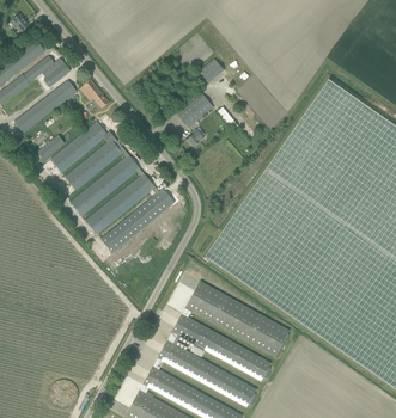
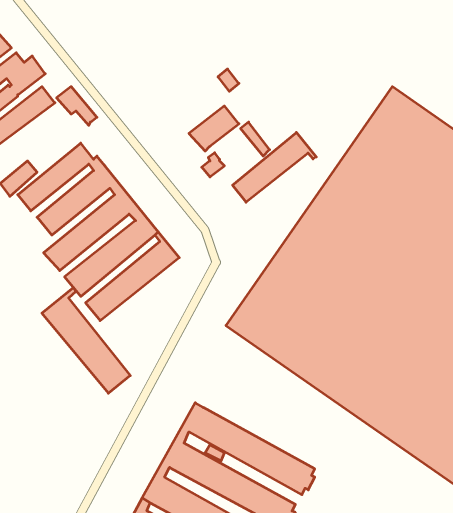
building: none -> [233,132,316,202]
building: none -> [42,288,130,393]
building: [183,281,291,358] -> none

